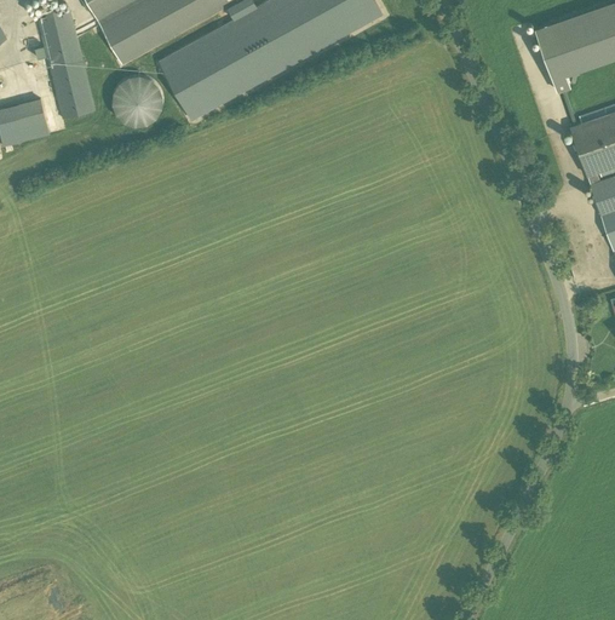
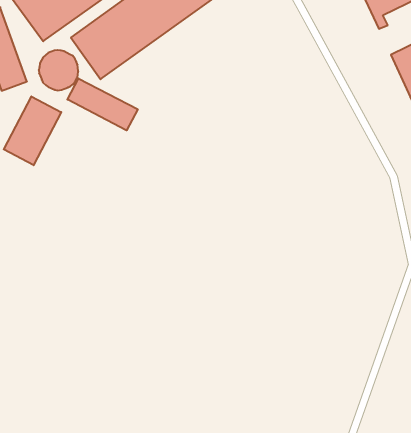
building: none -> [67,78,138,130]
building: none -> [4,96,61,165]

